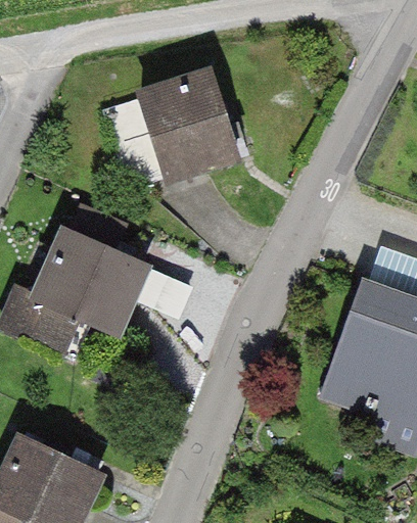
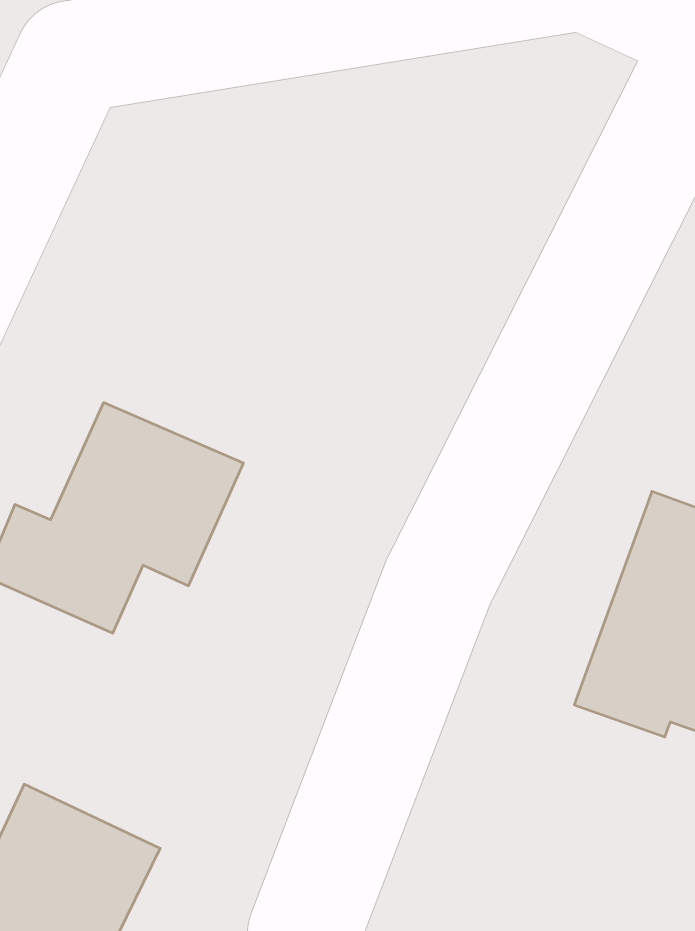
building: [103,70,238,178] -> none

